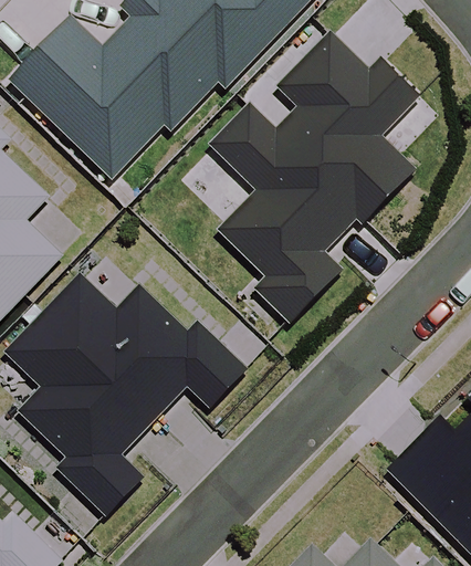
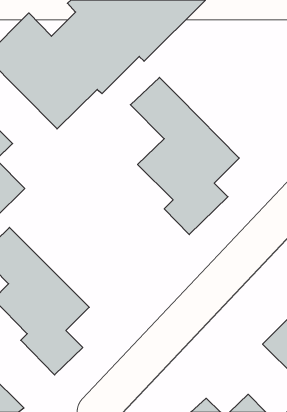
building: [275,33,419,221] -> none
building: [43,274,248,421] -> none

